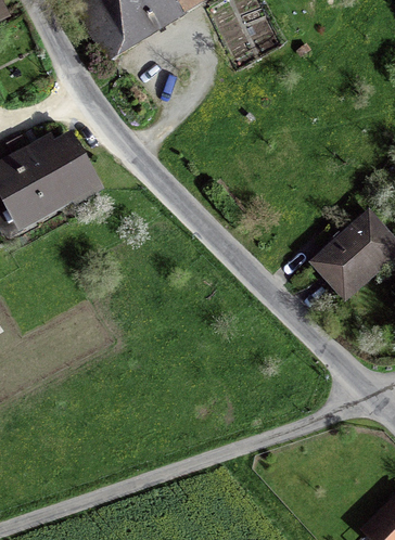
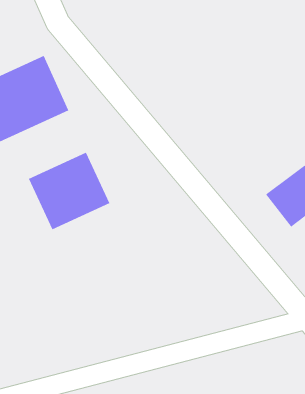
building: none -> [28,152,110,230]

